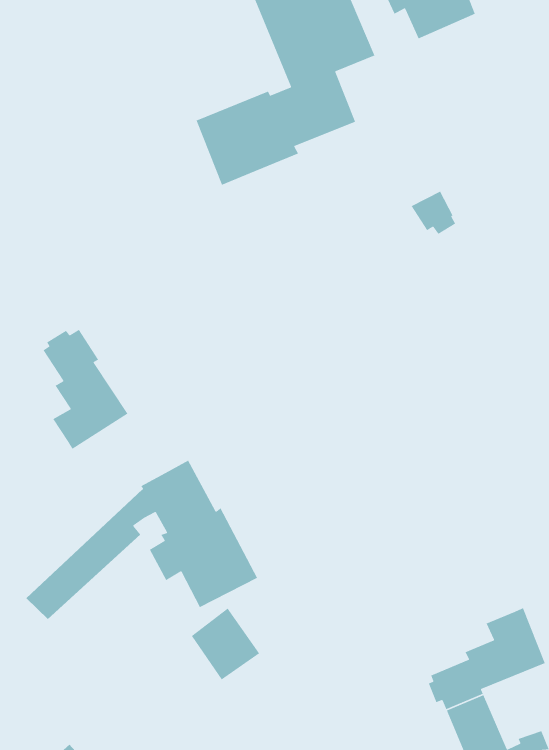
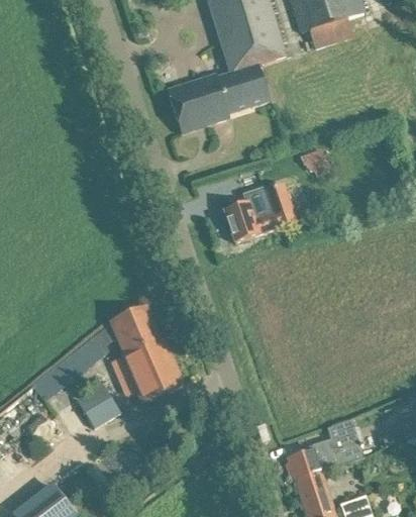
building: none -> [224,182,297,241]
building: [43,329,129,450] -> none
building: [191,608,260,681] -> [78,380,121,426]

